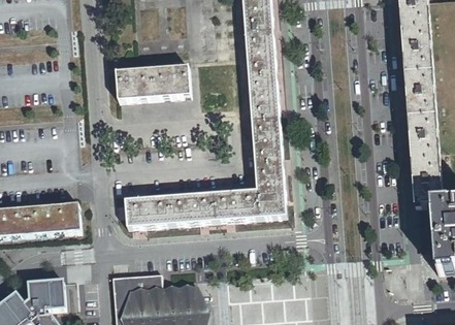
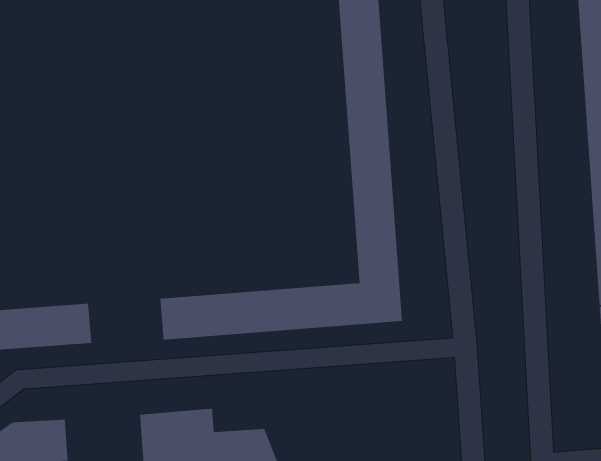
building: [116,64,189,98] -> none

